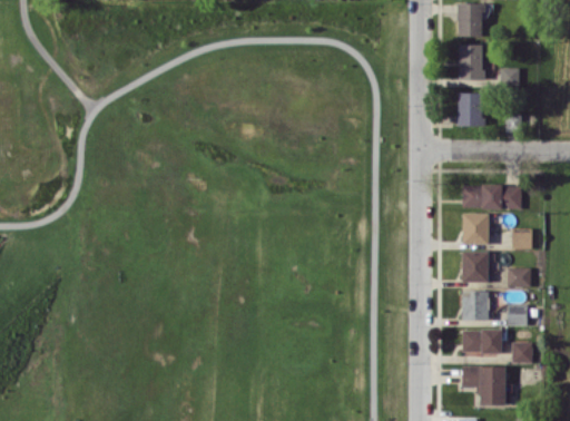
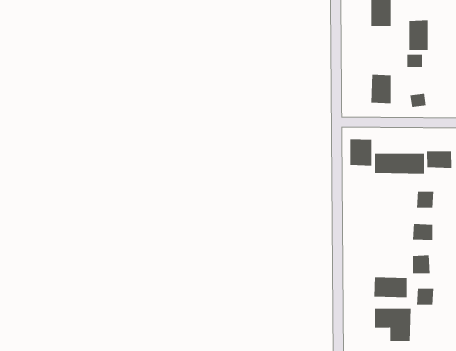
building: [459,45,482,80] -> [409,20,429,50]
building: none -> [426,151,452,169]
building: [462,213,489,245] -> [349,139,372,166]
building: [461,252,488,283] -> none
building: [461,291,488,321] -> none

